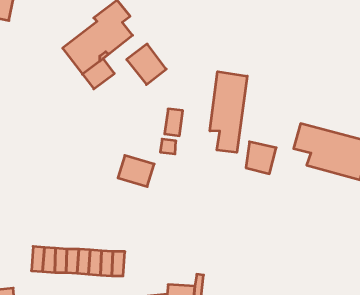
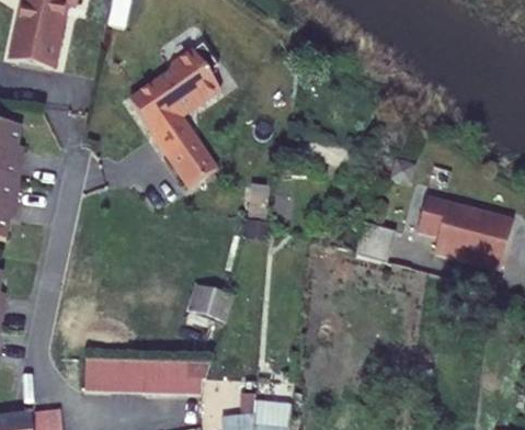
building: [127,44,166,85] -> [162,136,213,188]
building: [210,72,247,152] -> none
building: [118,155,154,187] -> [192,280,238,319]

